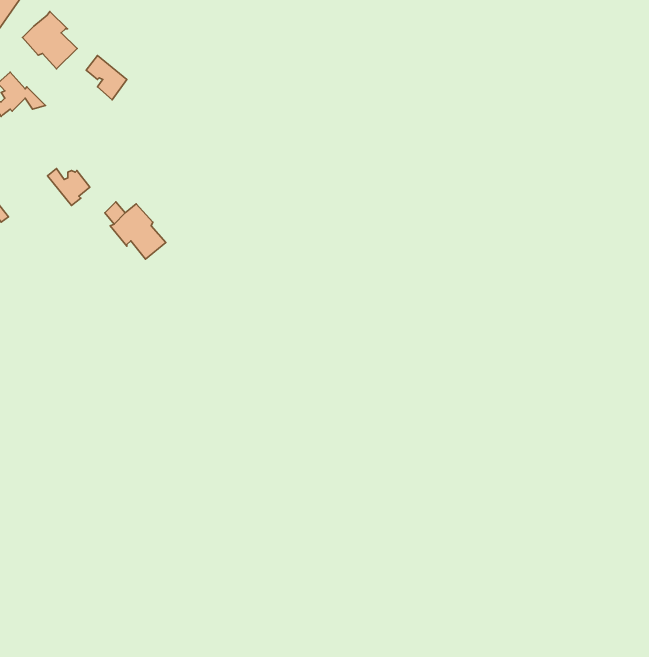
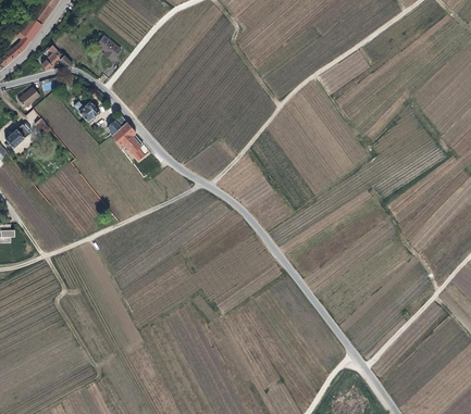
building: [23,11,77,69] -> none

